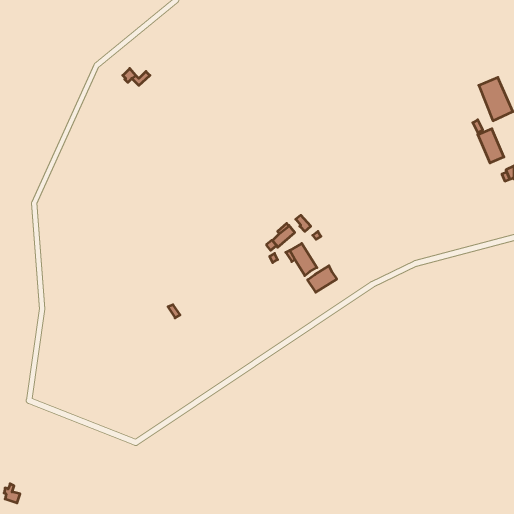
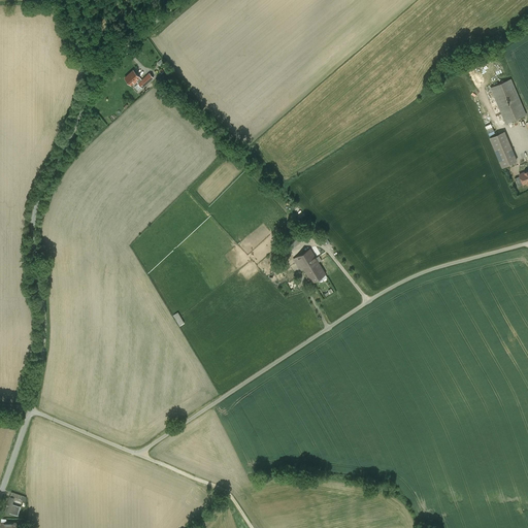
building: [308,266,337,292] -> none

